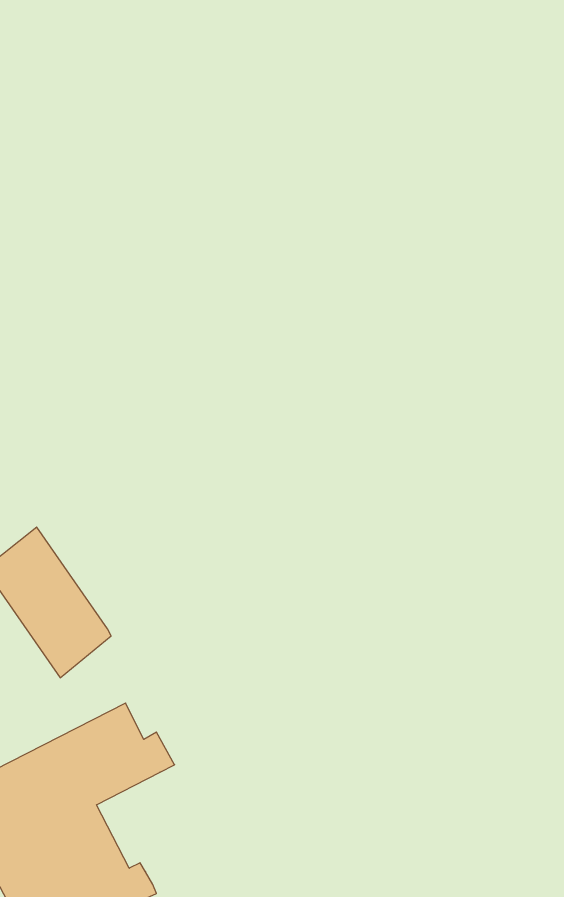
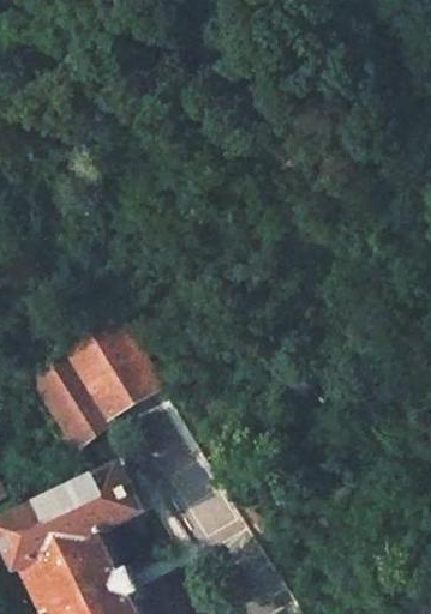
building: none -> [58,315,152,417]

